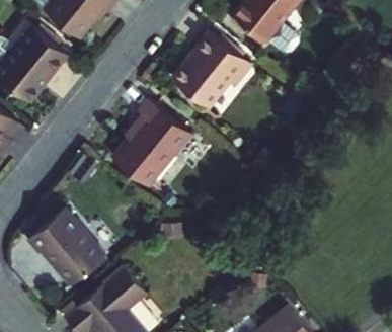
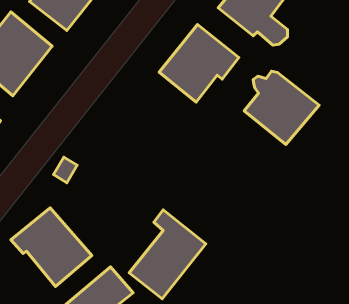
building: none -> [244,71,319,145]
building: [114,101,189,188] -> [129,210,206,299]

